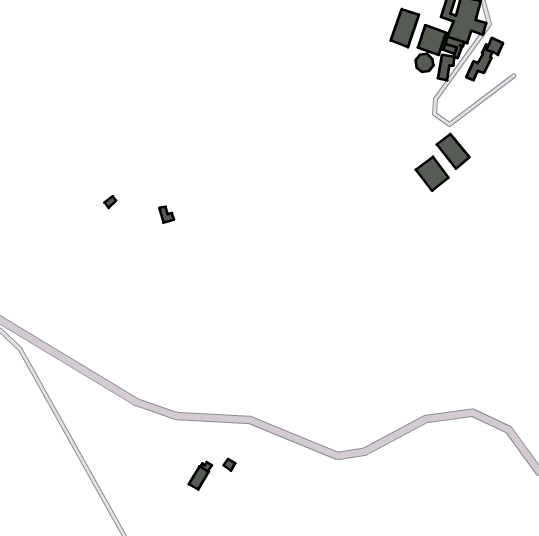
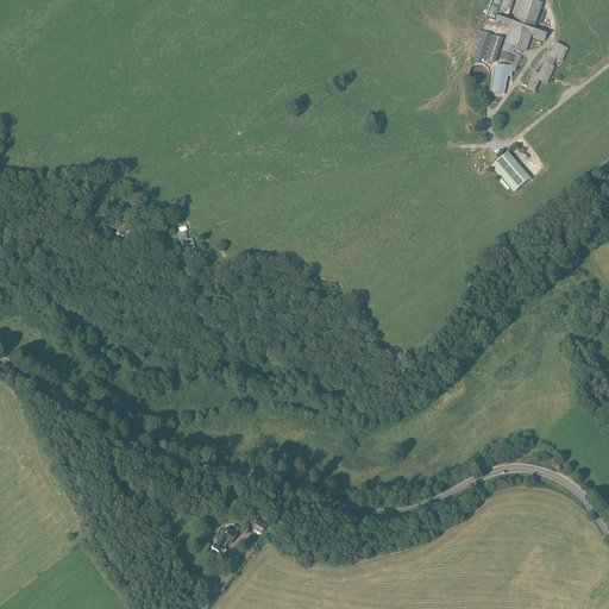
building: [391,9,419,47] -> none
building: [416,157,448,191] -> none

